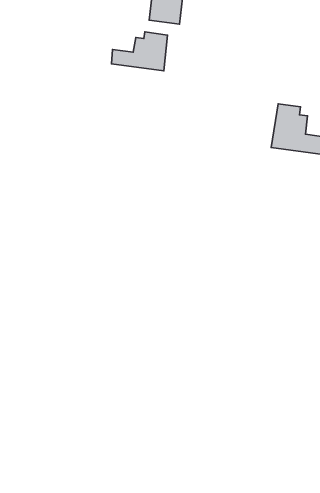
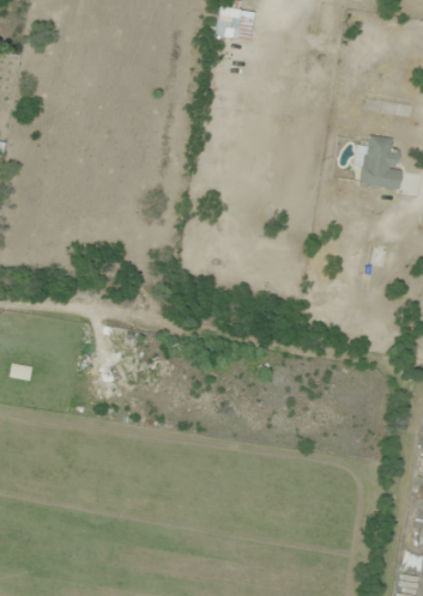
building: [111,32,167,71] -> none

